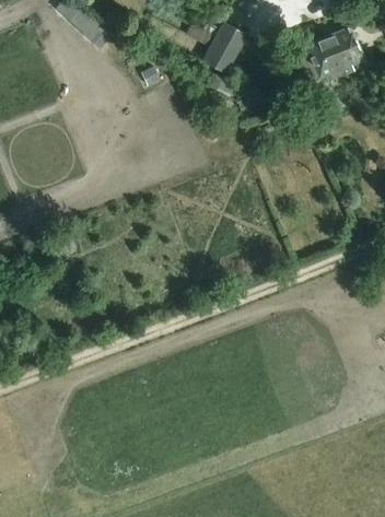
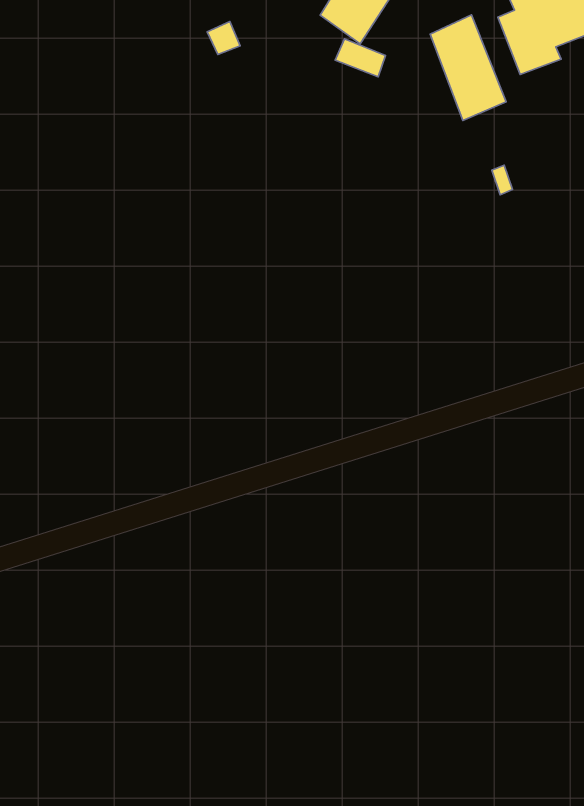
building: none -> [430,15,506,121]

